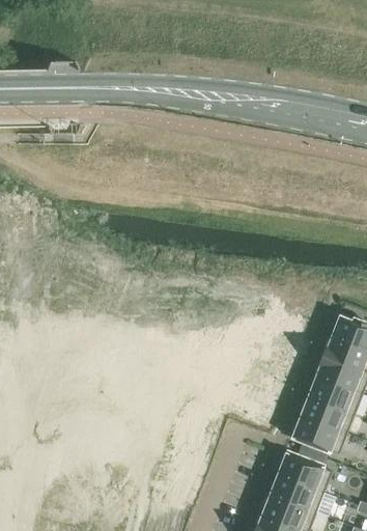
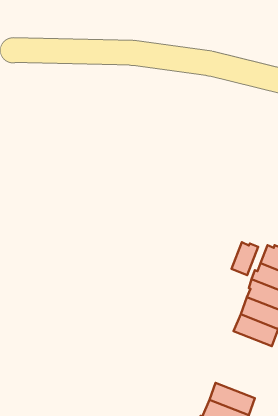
building: none -> [231,242,258,275]
building: [290,415,343,453] -> none
building: [278,451,332,493] -> none

